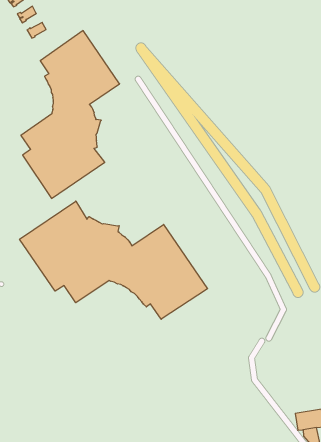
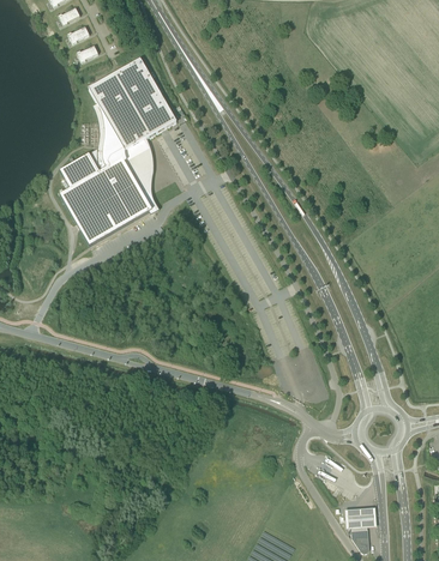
building: [20,201,208,319] -> none

